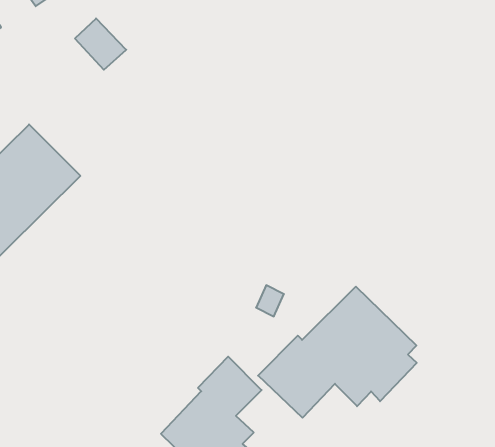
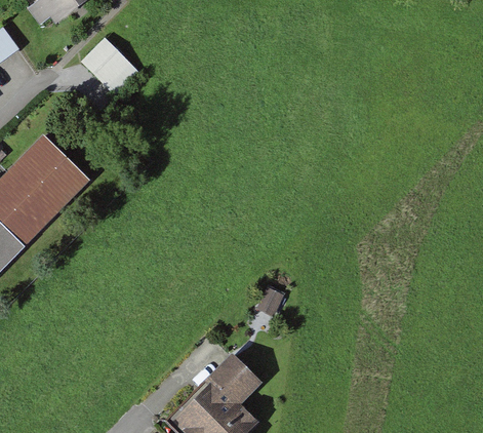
building: [258,287,417,418] -> none

